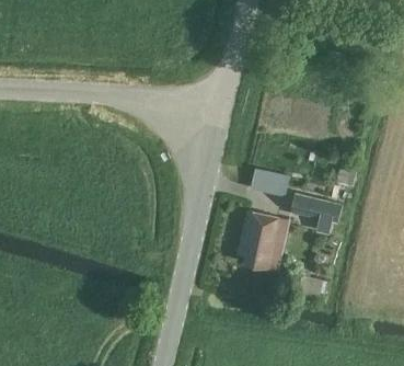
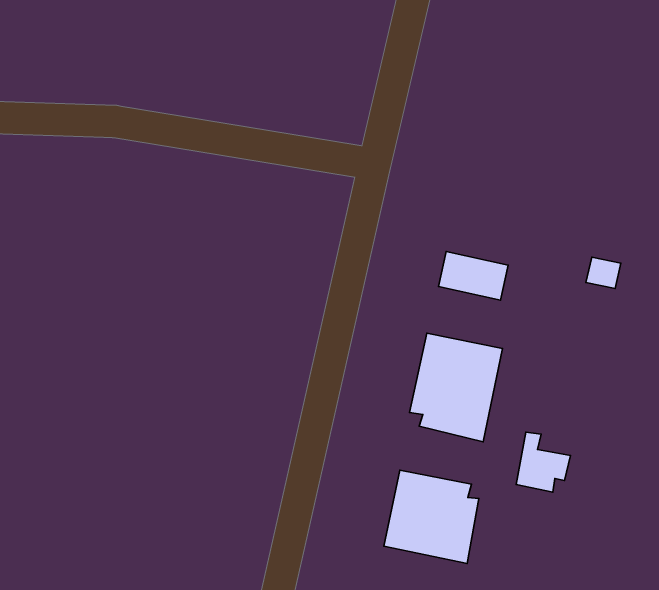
building: [288,194,347,233] -> none
building: none -> [384,470,479,564]

